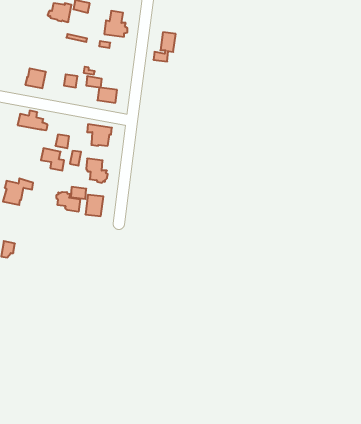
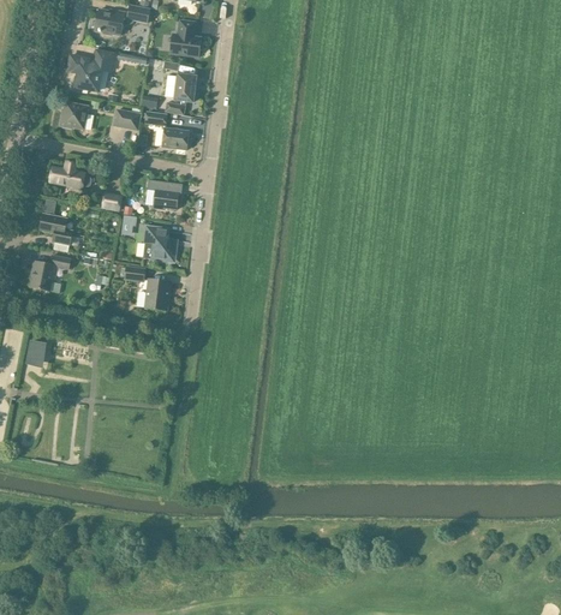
building: [153,32,176,61] -> [165,74,196,115]
building: none -> [67,50,113,90]
building: [41,148,64,171] -> [40,211,72,243]
building: [57,192,80,212] -> none

